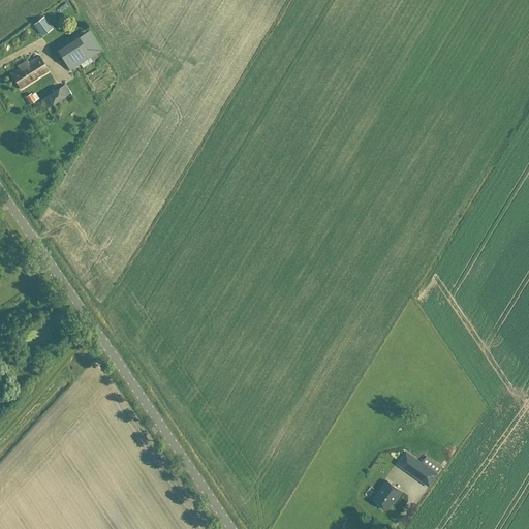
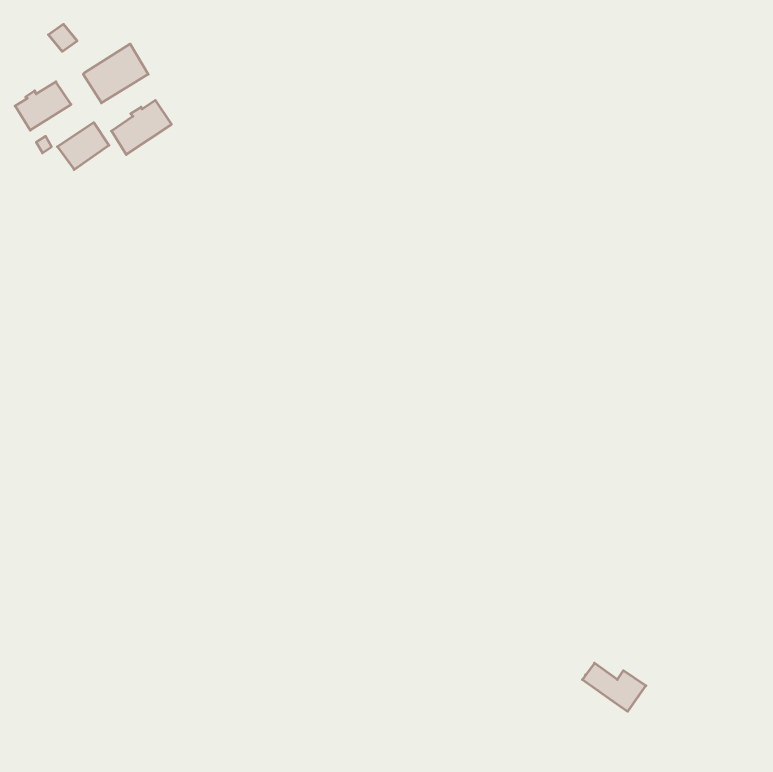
building: none -> [111,100,171,155]
building: [373,480,403,510] -> none

